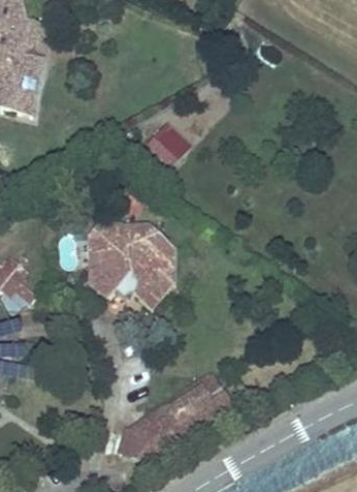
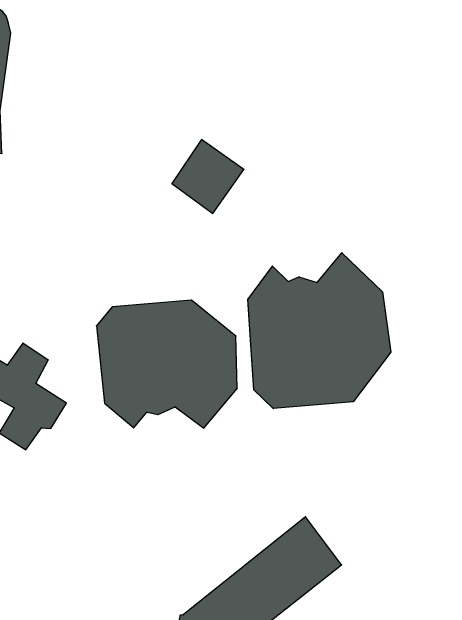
building: none -> [248,253,391,409]

